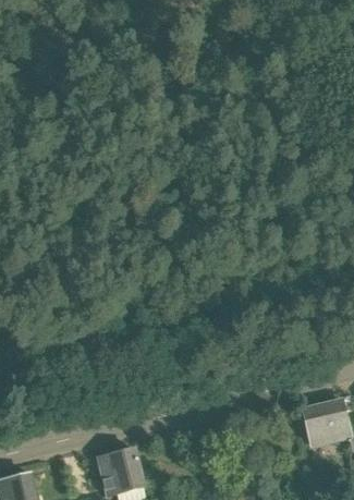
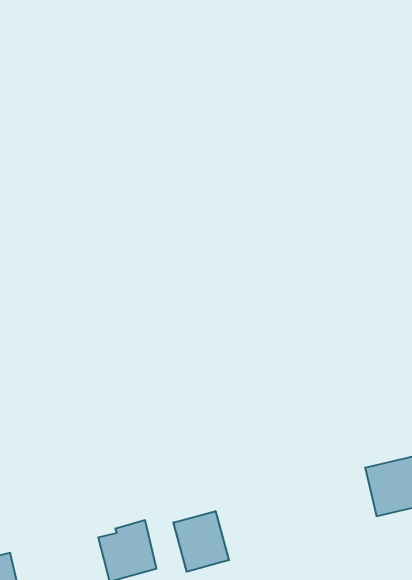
building: none -> [173,511,229,572]

